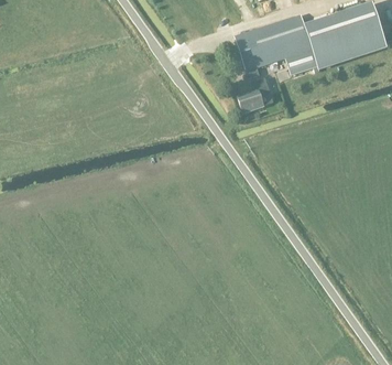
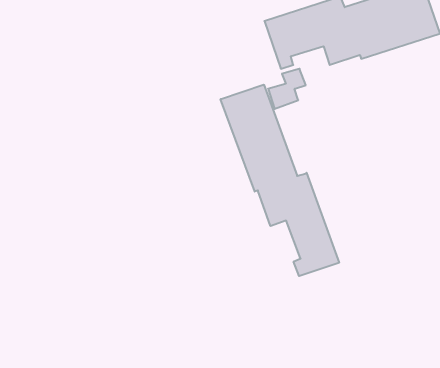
building: none -> [221,85,339,276]

